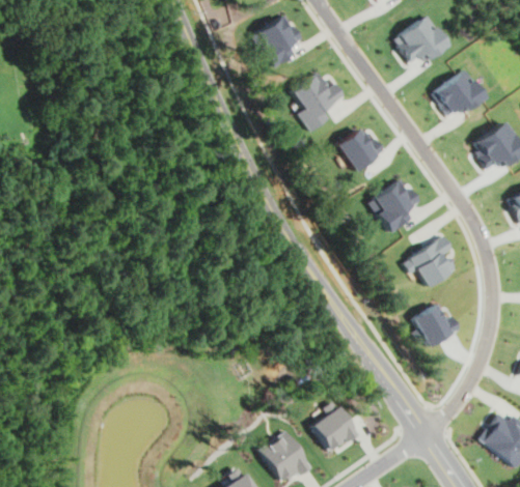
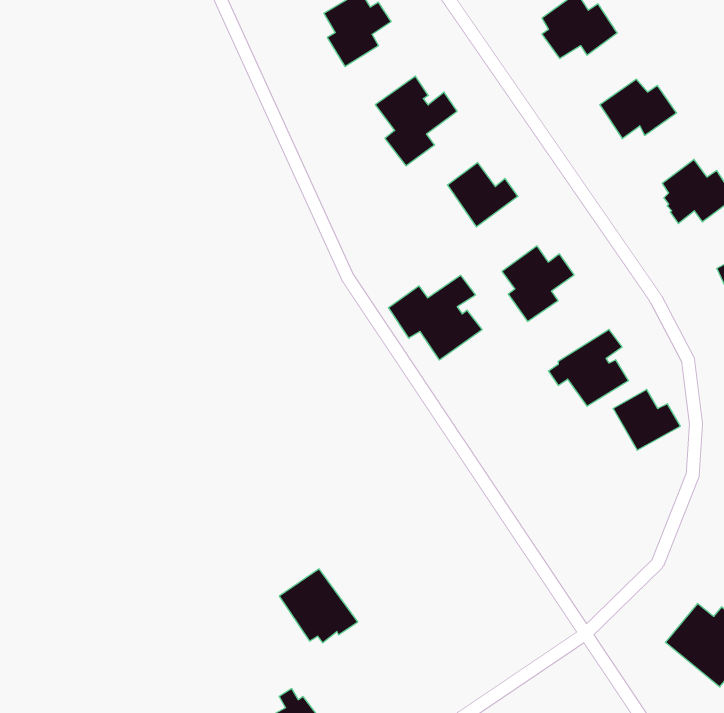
building: none -> [388,275,482,360]
building: [415,305,459,344] -> [613,389,680,450]
building: [312,402,358,452] -> none
building: [261,432,311,480] -> [279,569,358,643]

